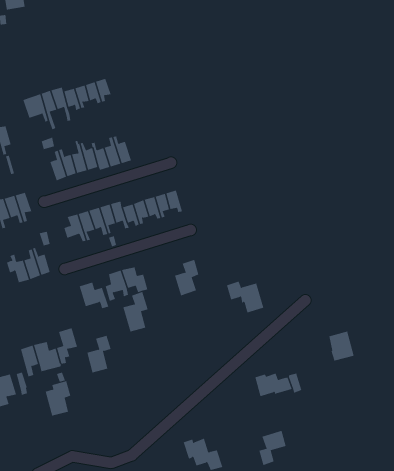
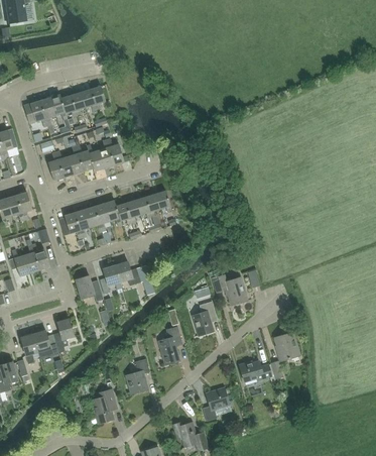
building: [174,259,199,296] -> [193,301,216,335]
building: [122,291,148,332] -> [158,326,182,364]
building: [328,331,354,361] -> [275,332,299,360]
building: [86,335,111,373] -> [127,358,150,393]
building: [45,381,71,416] -> [92,389,116,423]
building: [258,430,287,466] -> [203,388,229,422]

